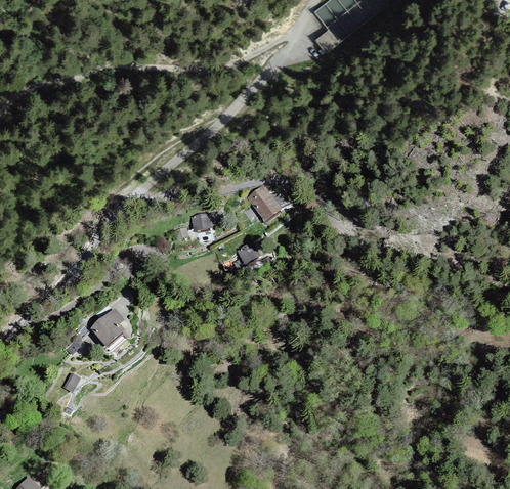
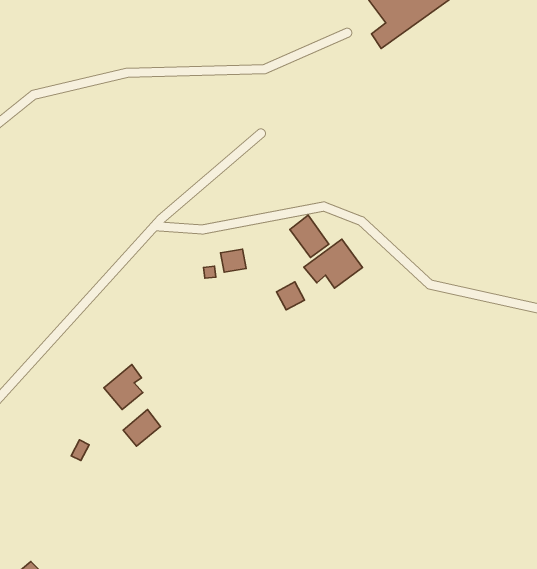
building: none -> [304,239,363,288]
building: none -> [123,410,160,446]

